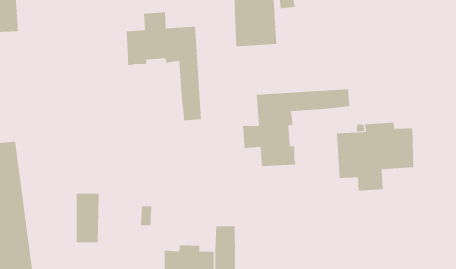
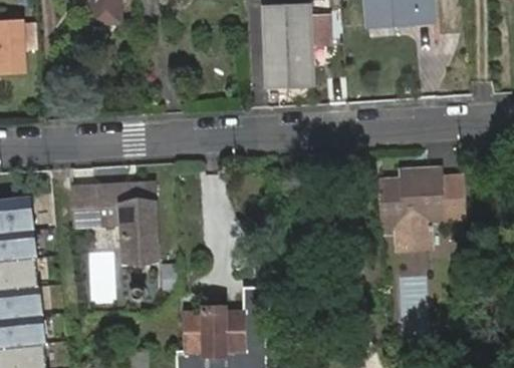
building: [126,12,201,121] -> none
building: [242,88,350,167] -> none
building: none -> [72,182,159,264]

